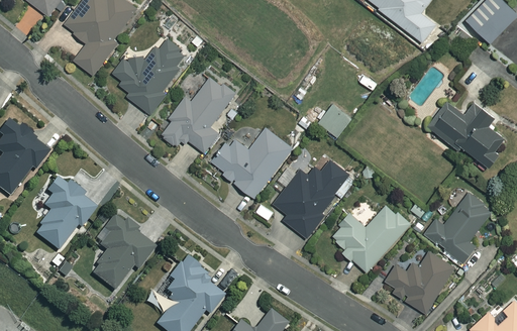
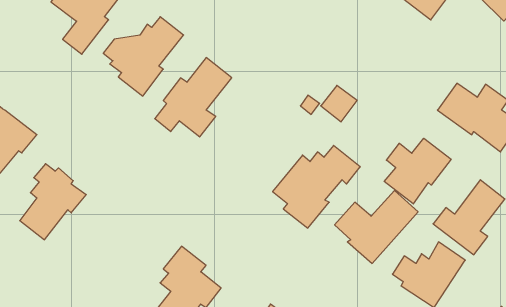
building: [212,128,293,198] -> none
building: none -> [384,138,451,204]
building: [91,214,156,290] -> none

